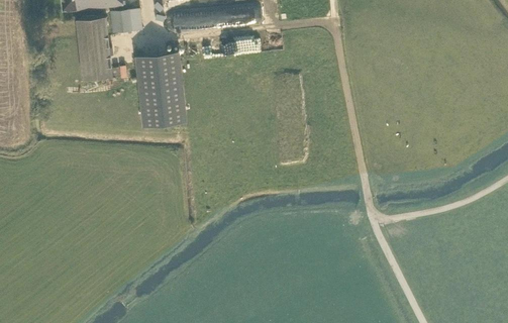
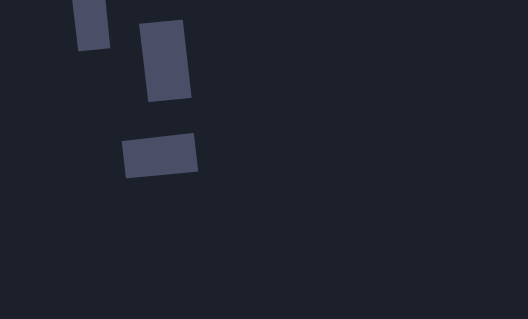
building: none -> [121,132,199,179]

